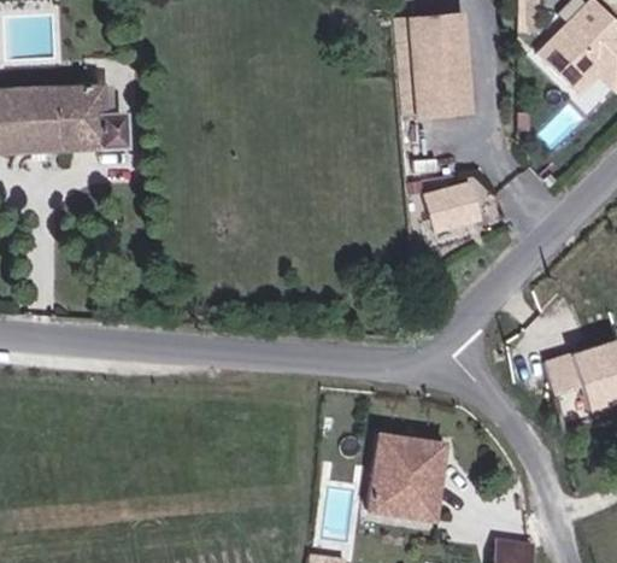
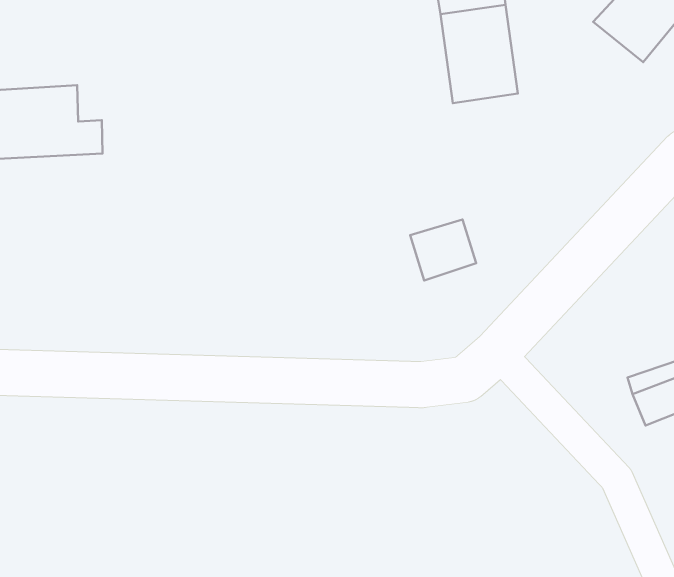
building: [422,178,477,229] -> [410,219,476,280]
building: [386,430,449,516] -> none

